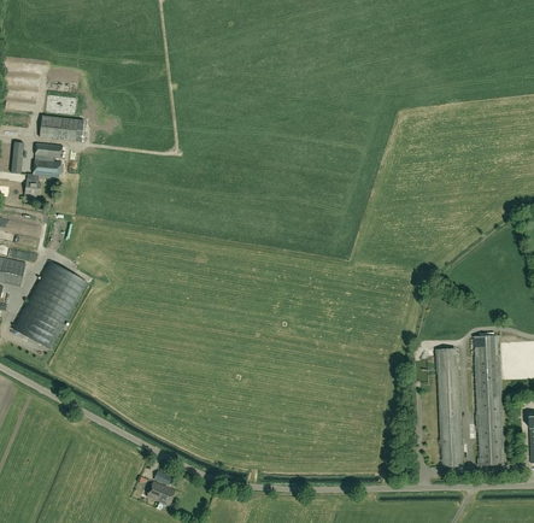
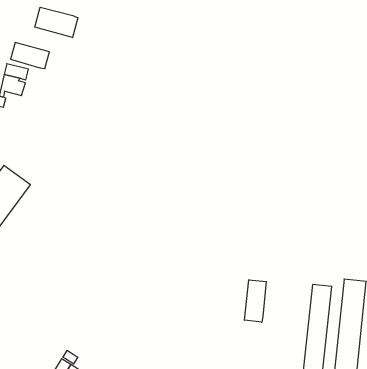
building: none -> [35,7,78,38]
building: none -> [244,280,266,322]

